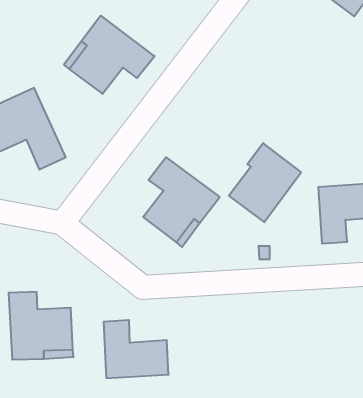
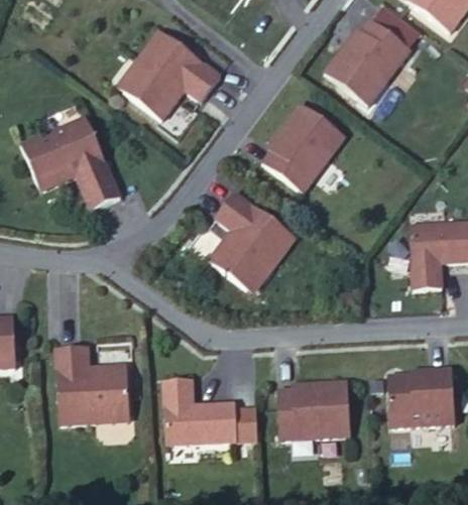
building: none -> [325,18,412,105]
building: [229,143,301,222] -> [263,102,346,193]
building: none -> [386,369,456,427]
building: none -> [277,381,350,440]

